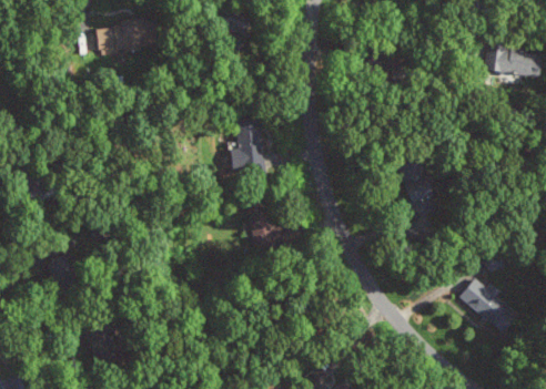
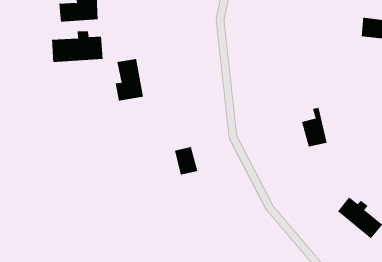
building: none -> [51,31,103,63]
building: [228,117,265,173] -> [115,59,144,101]

